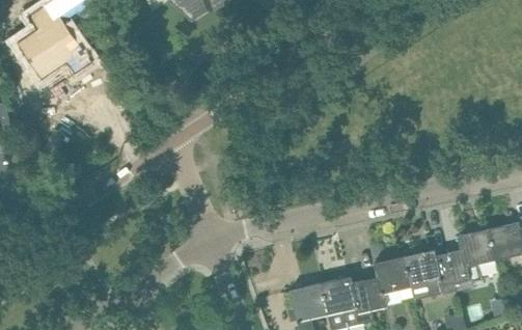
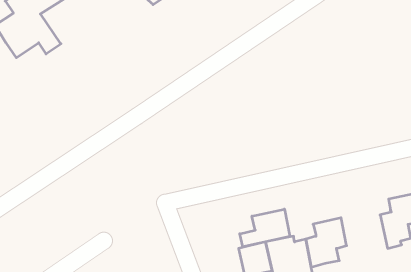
building: none -> [240,209,290,247]
building: [404,249,456,295] -> none

